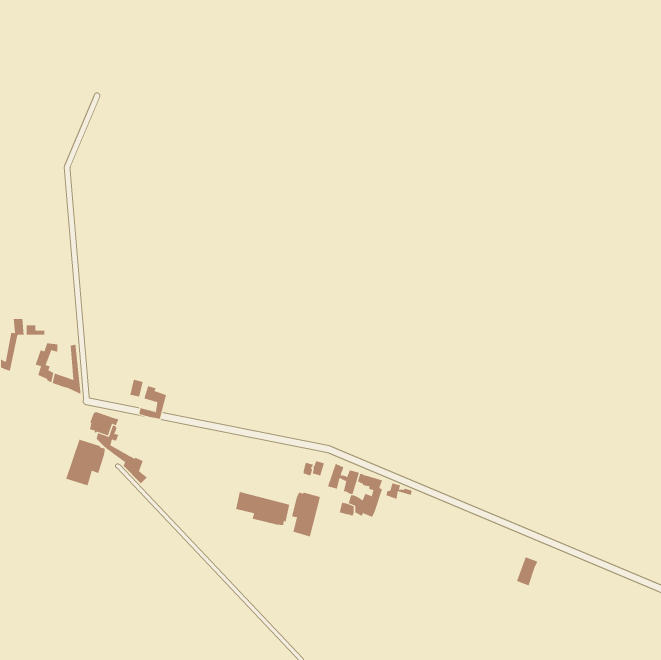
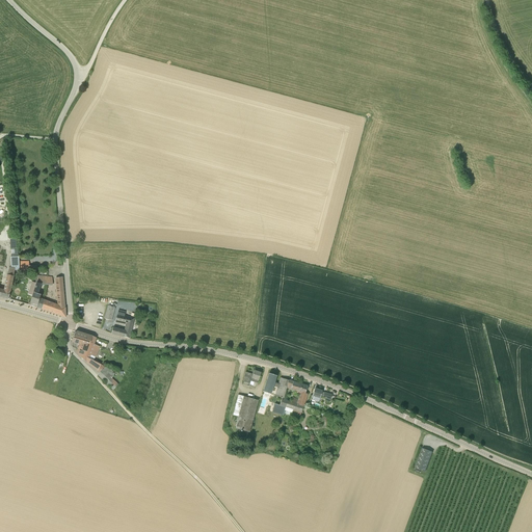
building: [66,439,105,486] -> none
building: [235,491,290,526] -> none

